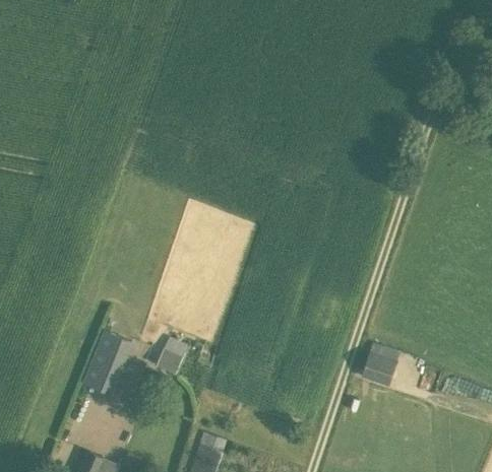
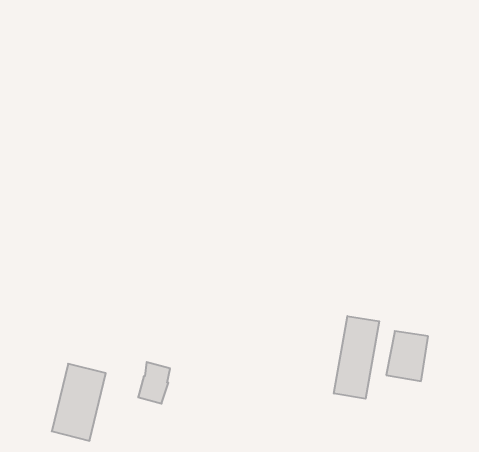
building: none -> [334,316,379,399]

